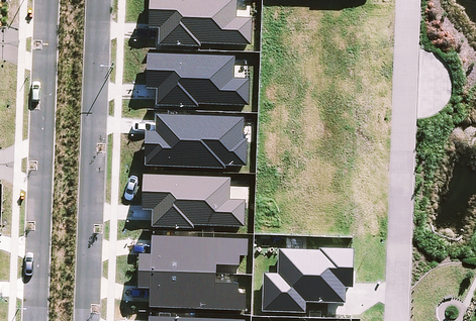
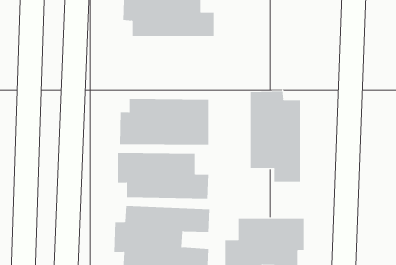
building: [146,54,249,105] -> none
building: none -> [250,90,301,183]

